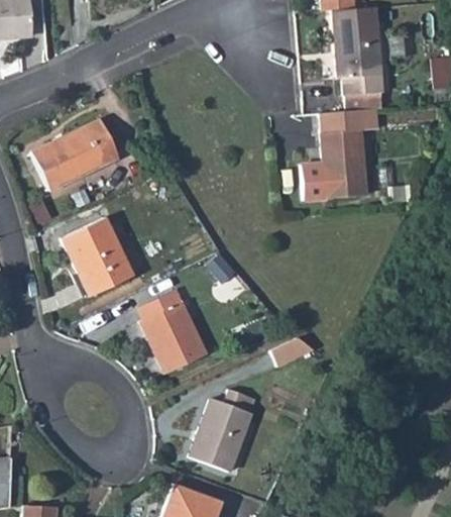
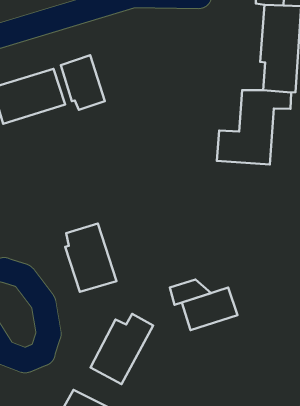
building: none -> [61,55,105,110]
building: [64,216,133,293] -> none
building: none -> [182,288,237,330]

